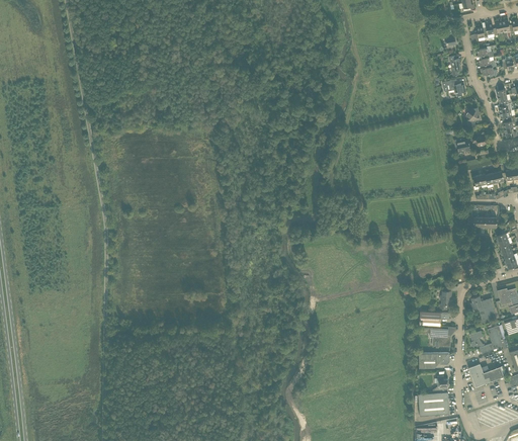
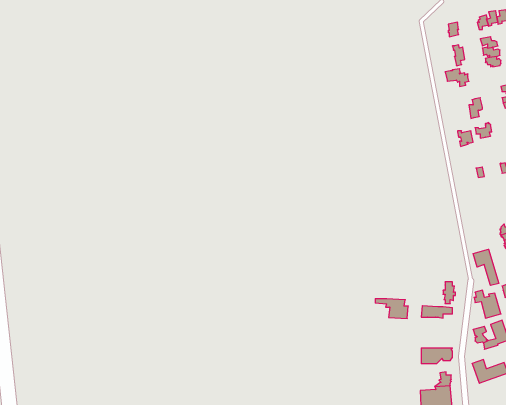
building: none -> [473,249,499,285]
building: [419,327,451,346] -> [375,299,408,318]

